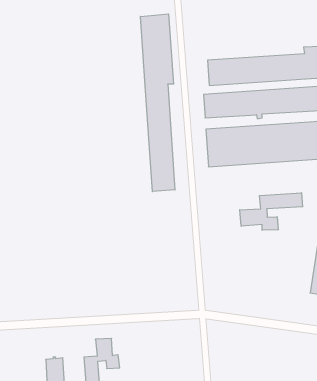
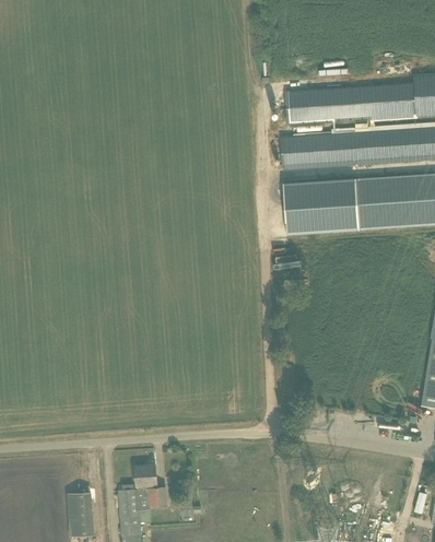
building: [140,14,175,192] -> none
building: [240,193,303,230] -> none

